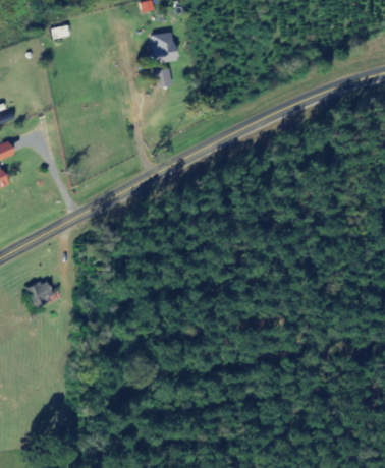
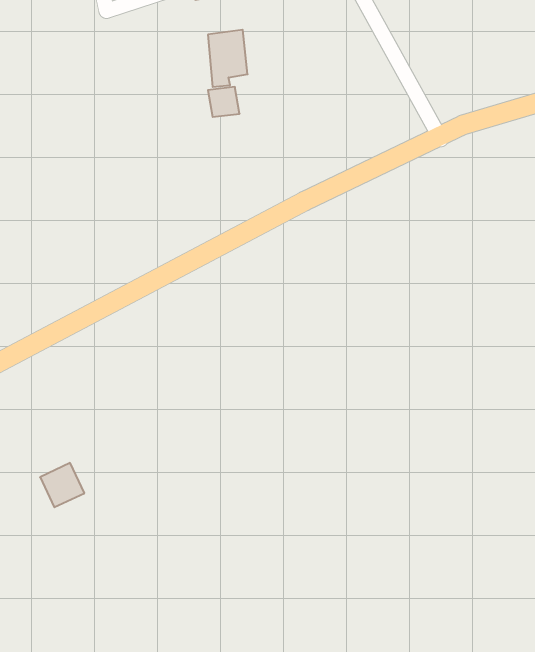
building: [26,279,55,307] -> [40,463,84,507]

